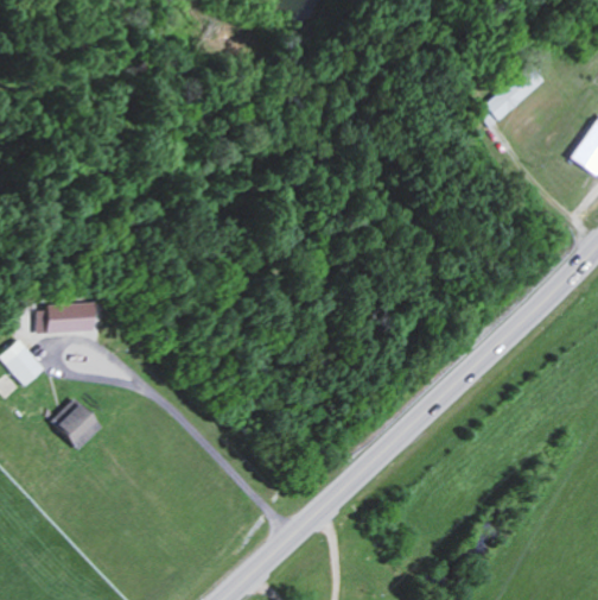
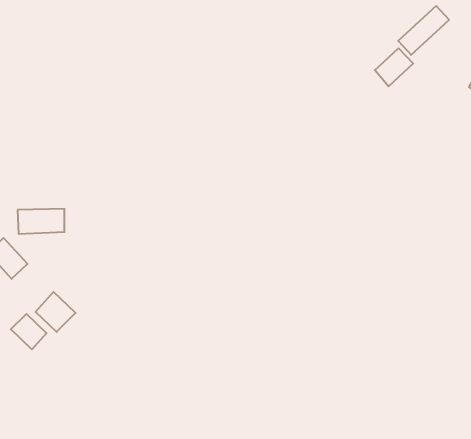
building: none -> [375,48,413,86]
building: none -> [11,314,47,349]

